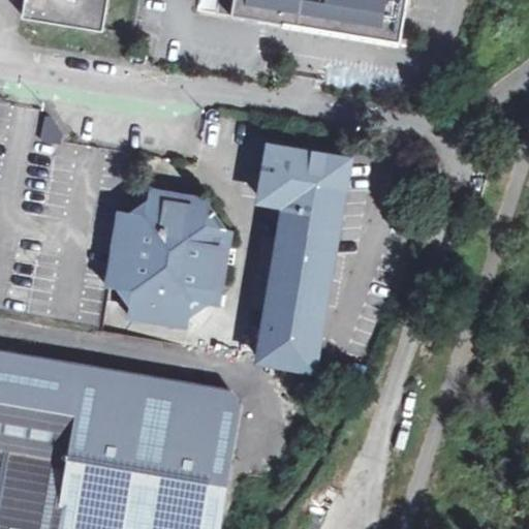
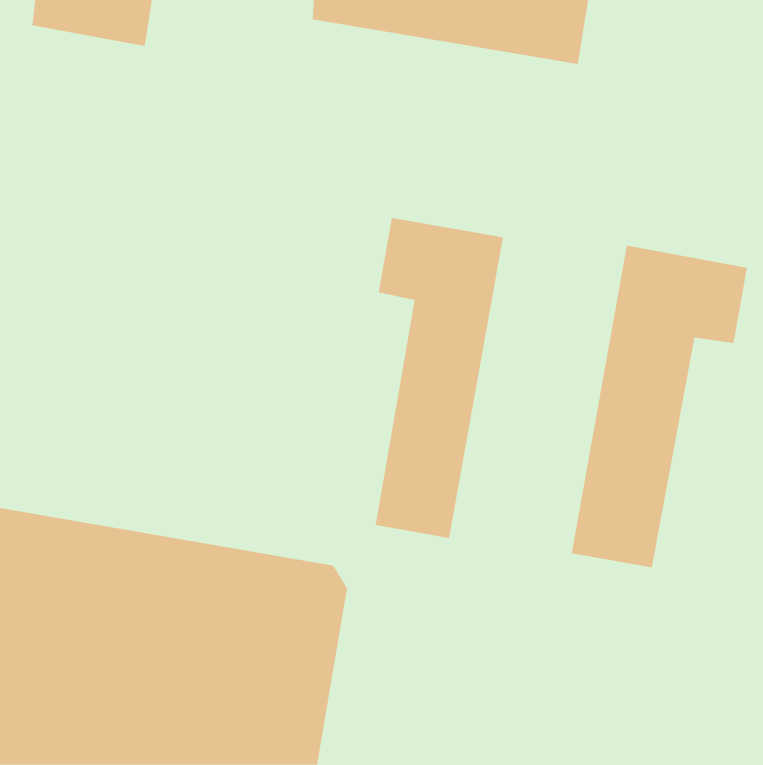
building: none -> [571,245,748,568]
building: [107,191,229,328] -> none

